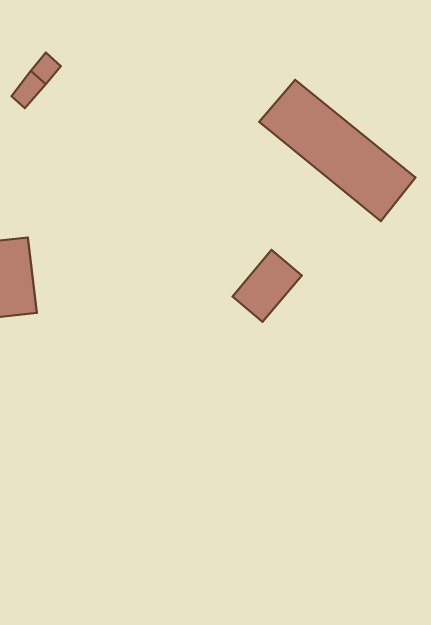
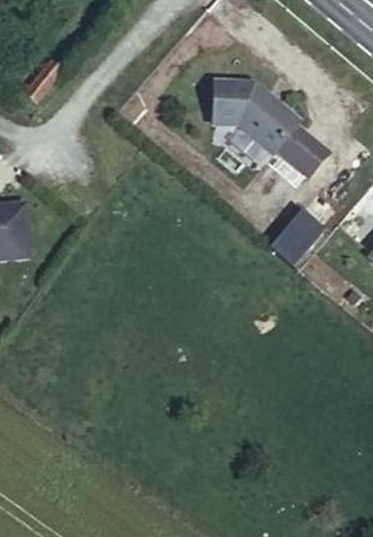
building: [233,250,302,322] -> [270,210,324,267]

